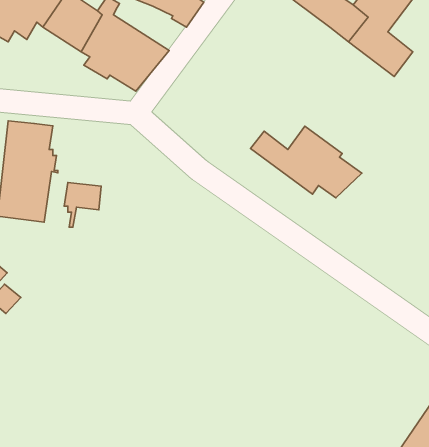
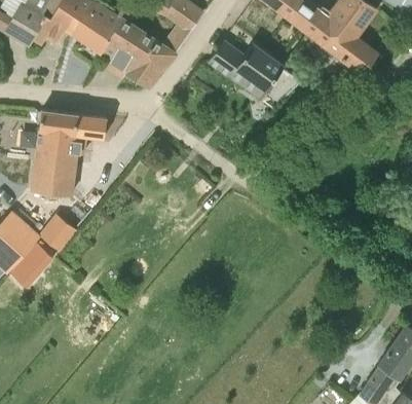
building: [251,126,362,198] -> [208,42,300,102]
building: [64,183,101,227] -> [75,114,106,151]
building: none -> [47,214,79,246]

